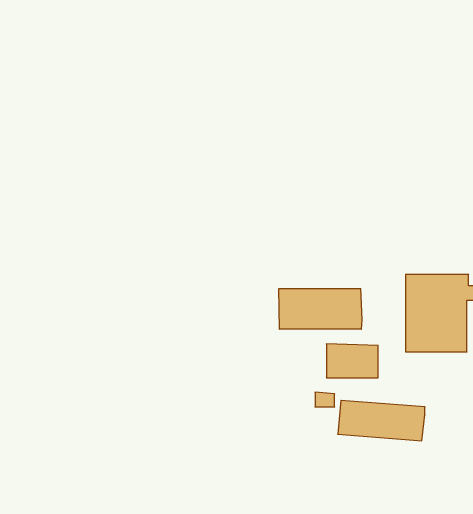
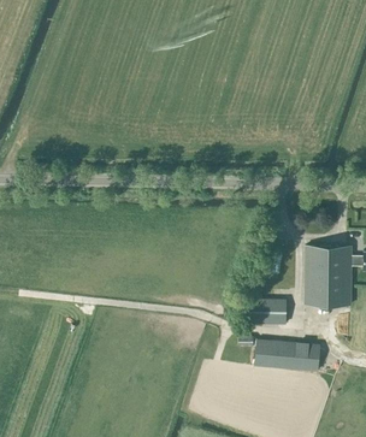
building: [279,289,362,329] -> none

